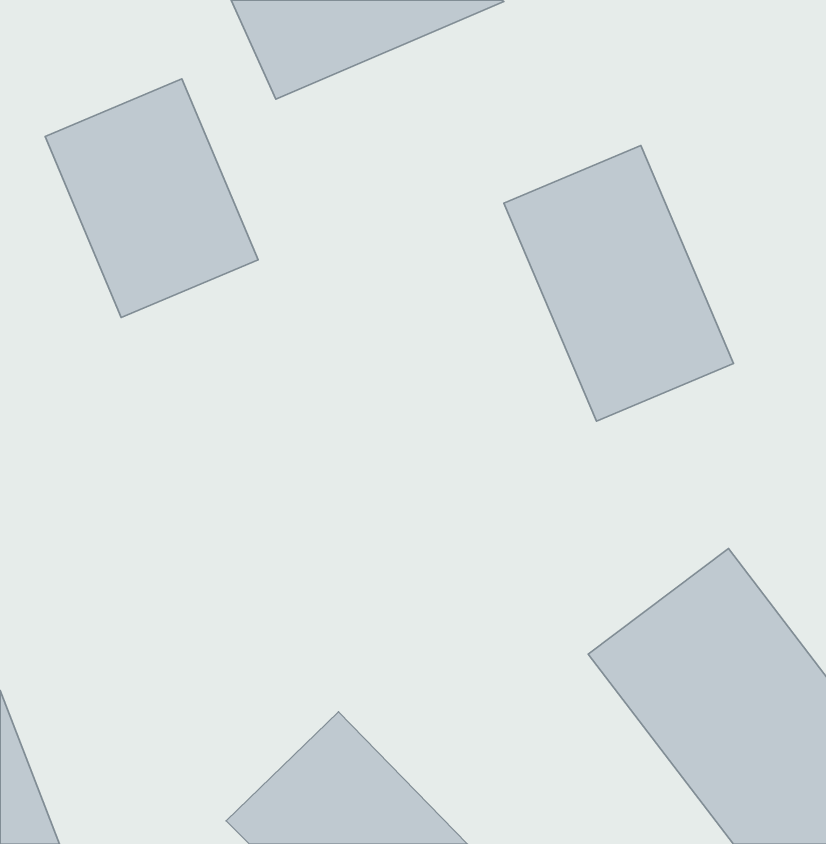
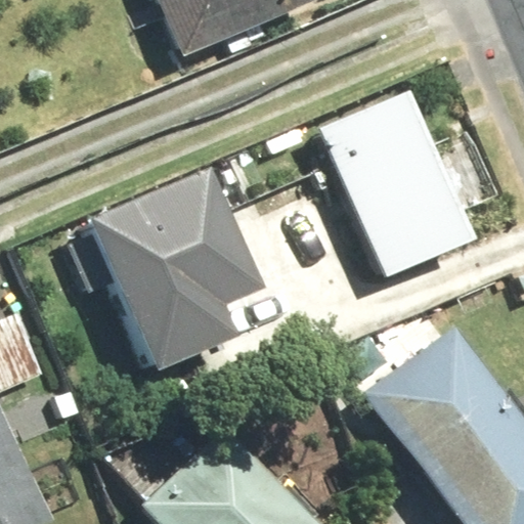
building: [45,79,258,318] -> none
building: none -> [89,159,262,367]

